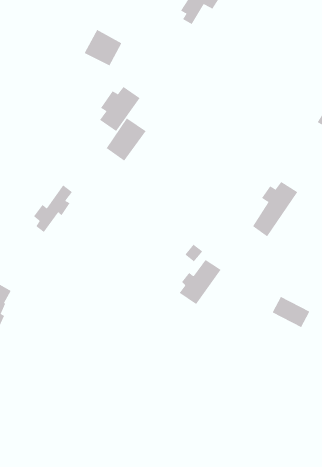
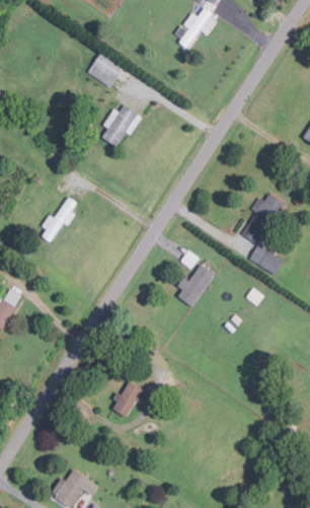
building: [106,117,146,162] -> none
building: [272,296,310,328] -> [248,244,284,274]
building: none -> [112,381,150,418]

